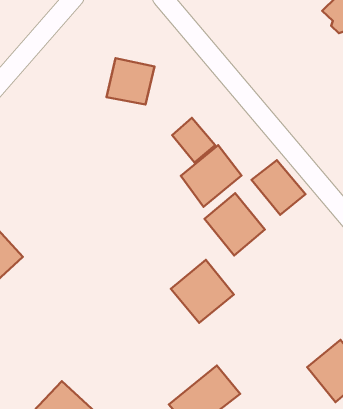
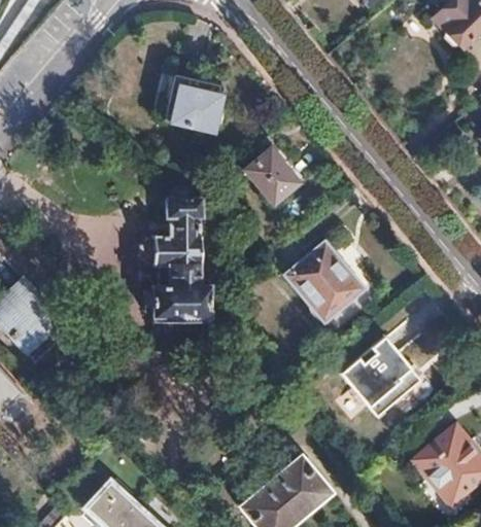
building: [181,145,241,207] -> none
building: none -> [140,195,212,320]
building: [252,160,306,215] -> none
building: [171,260,234,323] -> [342,338,420,416]

